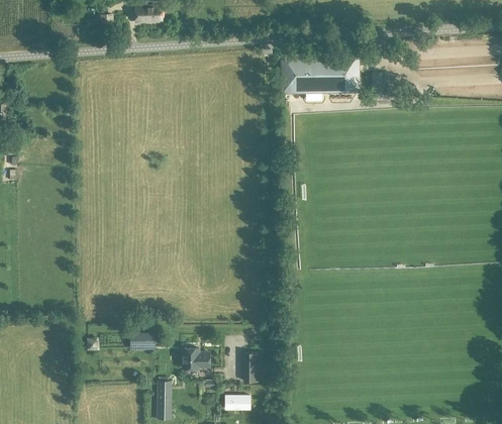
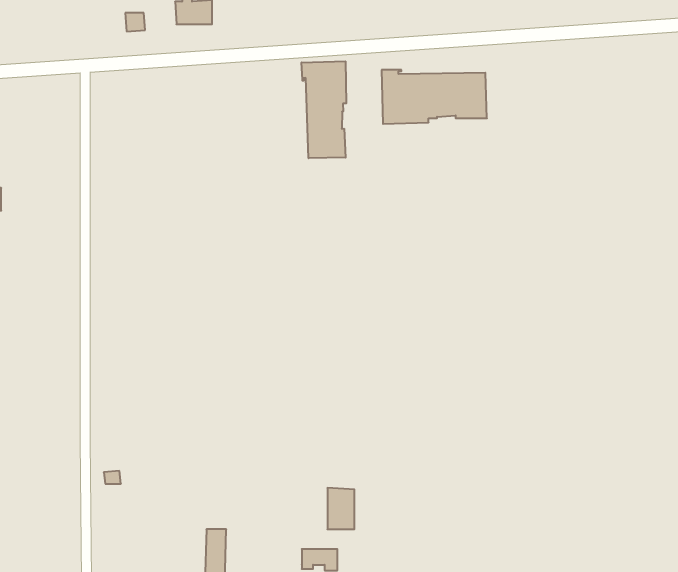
building: none -> [302,61,346,158]
building: [130,334,156,349] -> none
building: [182,349,208,369] -> none

